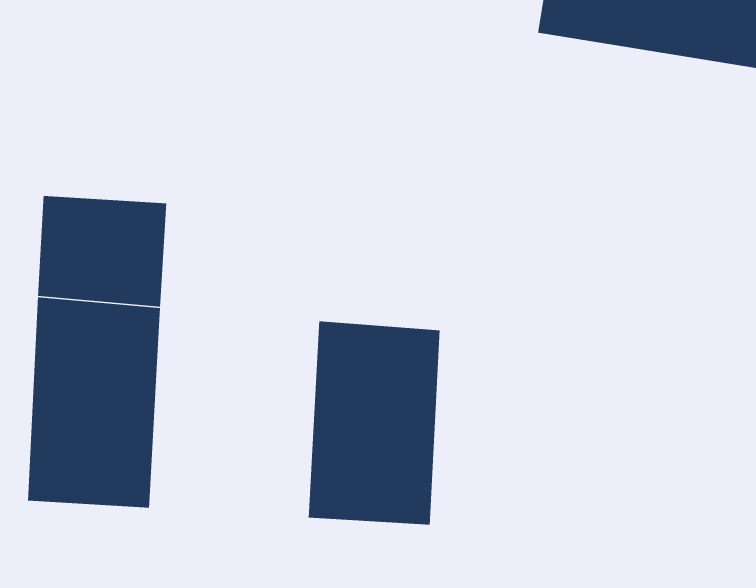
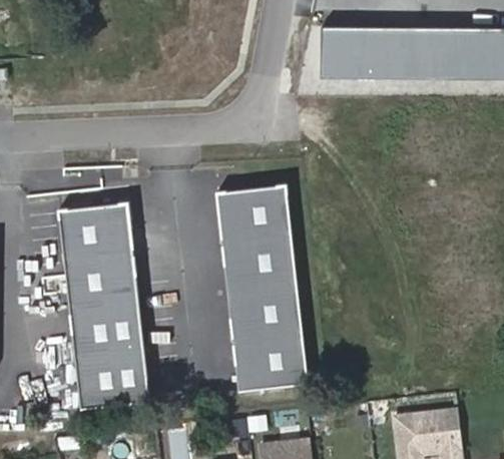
building: none -> [216,188,293,258]
building: none -> [77,378,149,412]
building: none -> [235,362,308,395]

